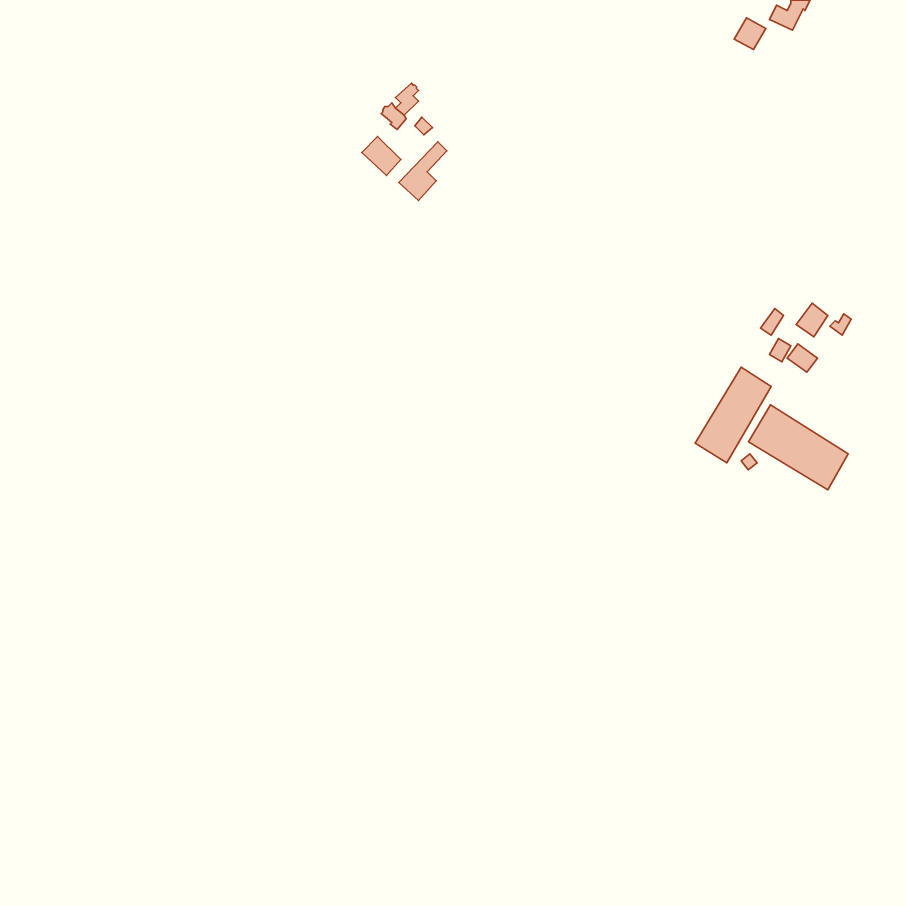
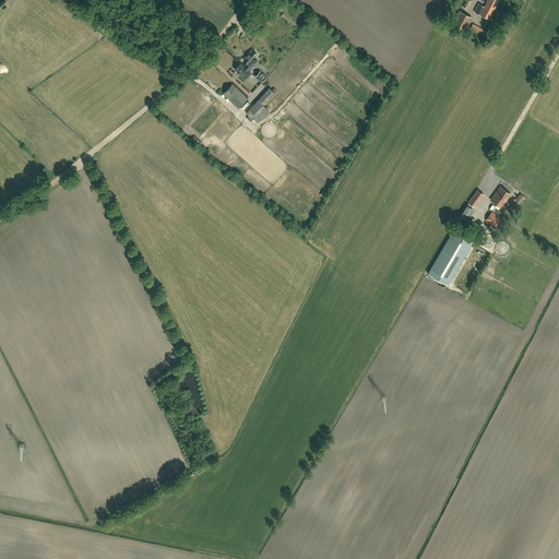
building: [748,405,848,490] -> none

